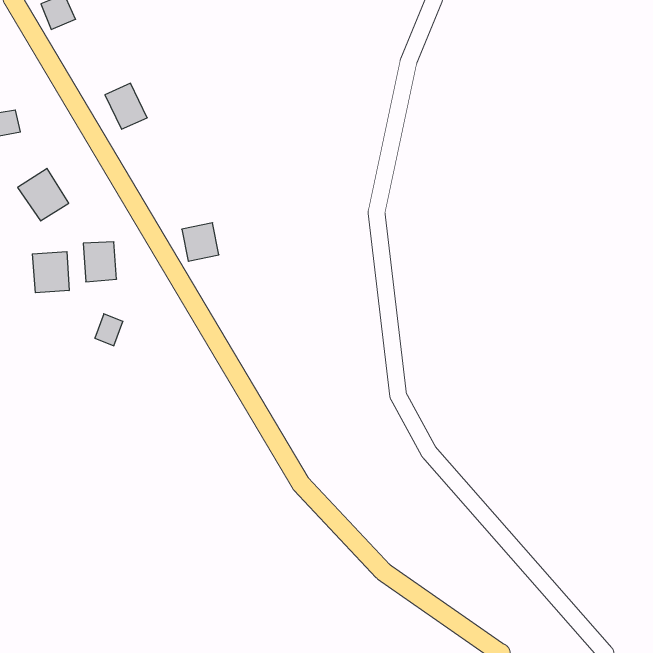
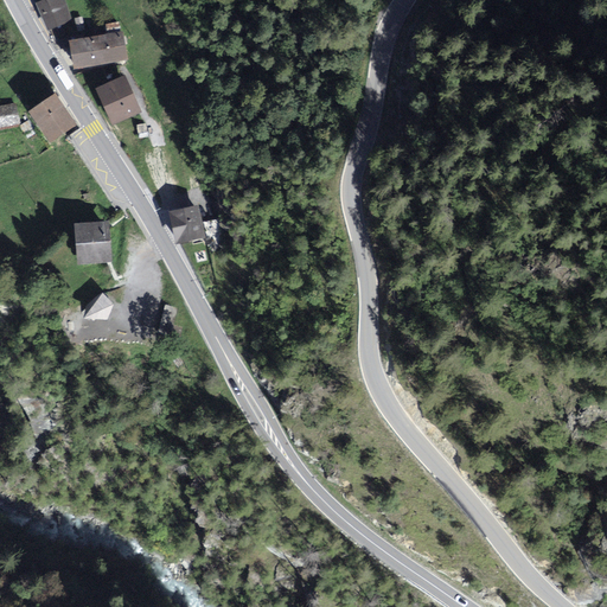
building: none -> [71,32,124,65]
building: [18,168,69,221] -> [27,92,75,141]
building: [32,252,69,293] -> none

